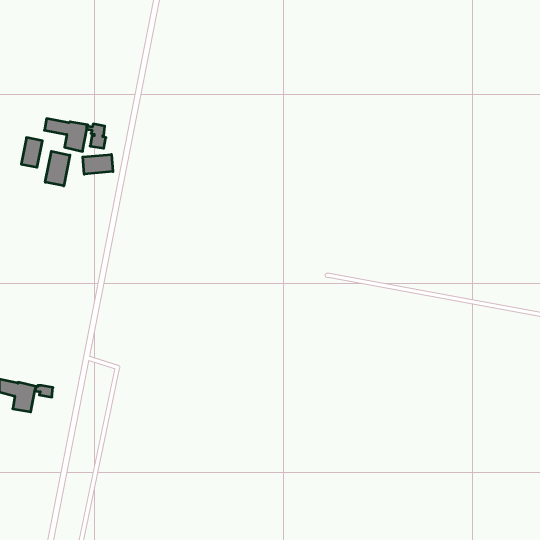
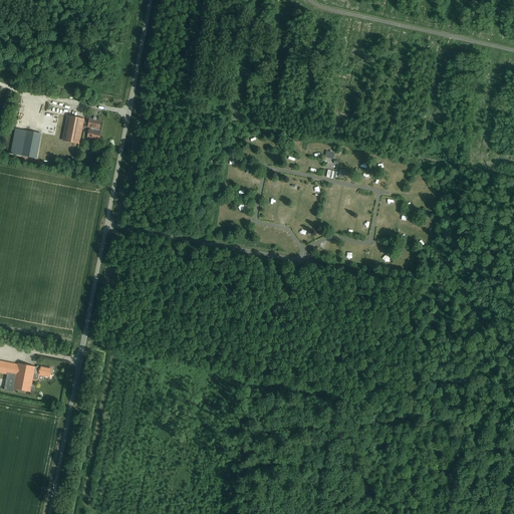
building: [45,151,70,186] -> none
building: [83,154,113,174] -> none

